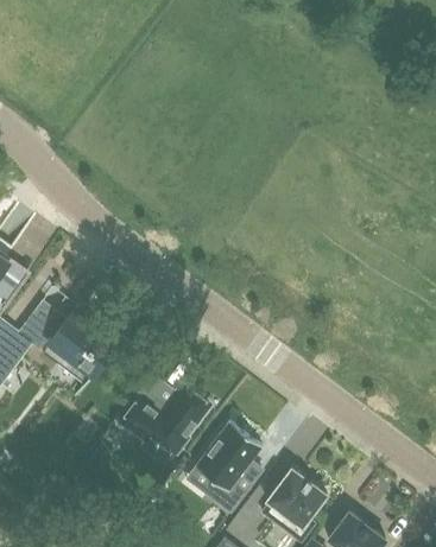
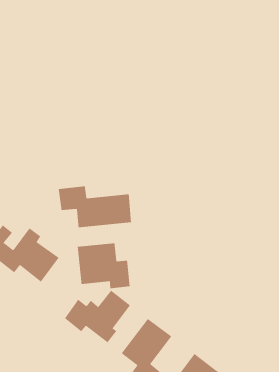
building: none -> [58,185,131,228]
building: none -> [77,242,130,289]

